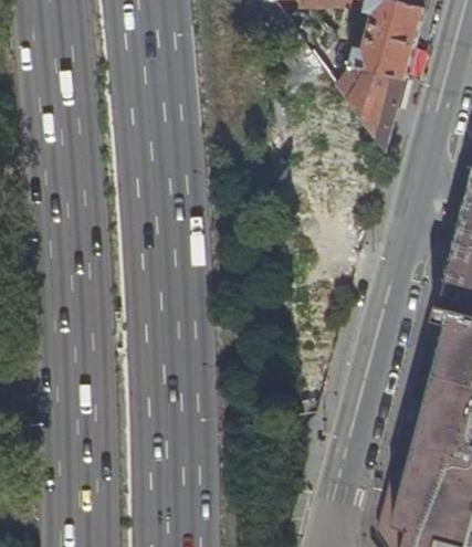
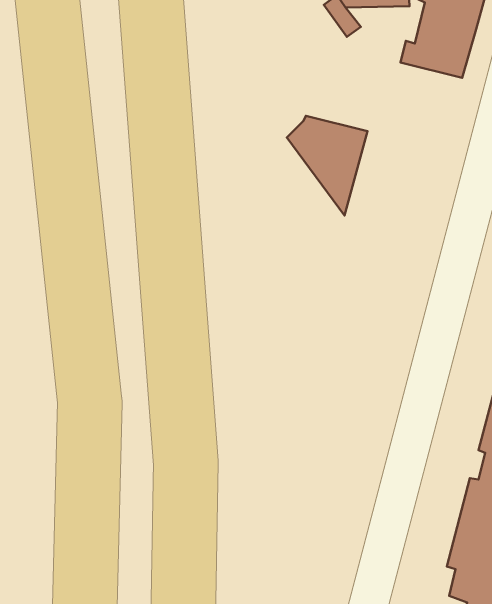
building: [336,59,406,145] -> [287,116,367,216]

